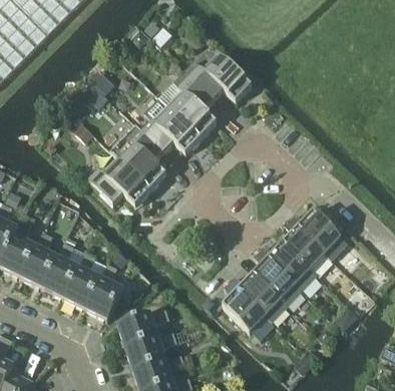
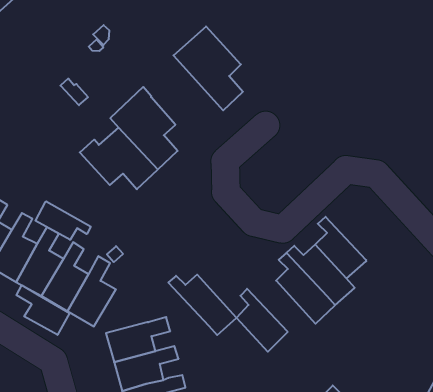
building: [183,52,252,102] -> none
building: [142,96,202,154] -> none
building: [290,211,348,260] -> none
building: none -> [35,201,91,240]
building: [230,274,287,322] -> [168,275,237,335]
building: none -> [16,285,70,335]

